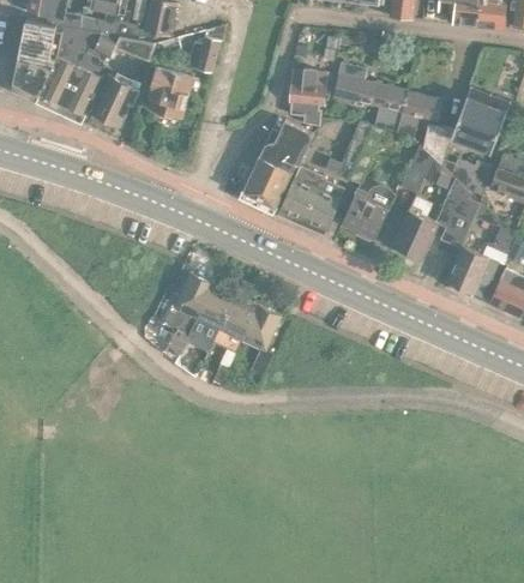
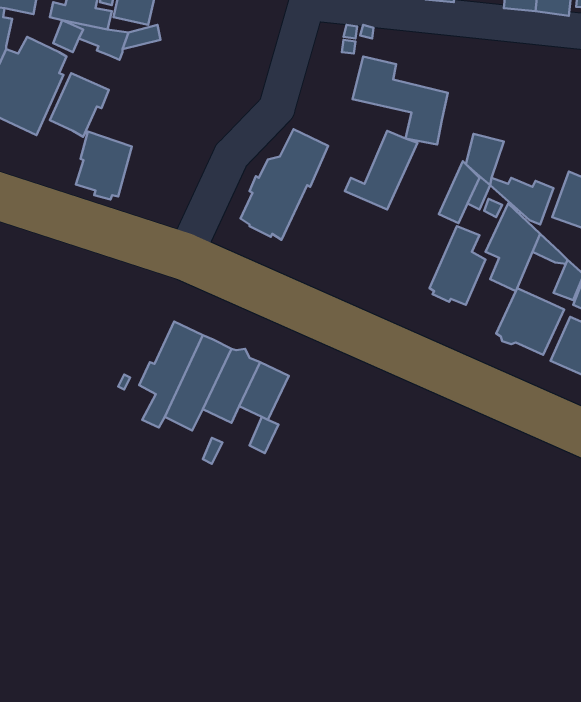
building: [188,35,221,71] -> none
building: [149,65,193,119] -> [76,131,132,200]
building: [290,67,332,126] -> none
building: [399,90,444,138] -> none
building: [451,95,507,152] -> none
building: [279,166,344,230] -> none
building: [342,181,394,240] -> none

